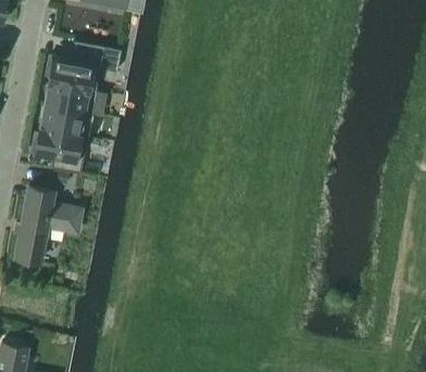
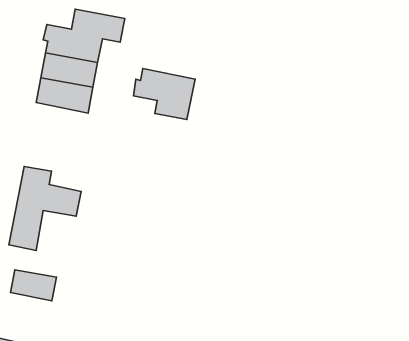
building: [32,128,88,175] -> [133,69,195,119]
building: none -> [10,270,56,301]

